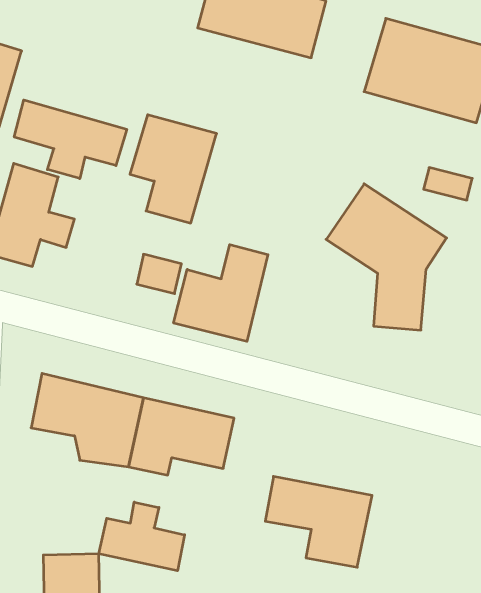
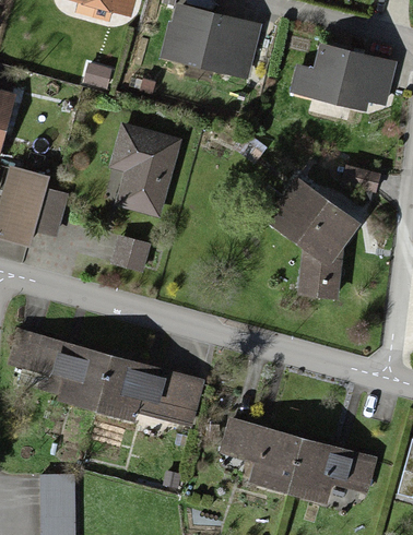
building: [14,100,127,179] -> none
building: [174,245,268,341] -> none
building: none -> [290,433,378,498]
building: [99,502,185,571] -> none

